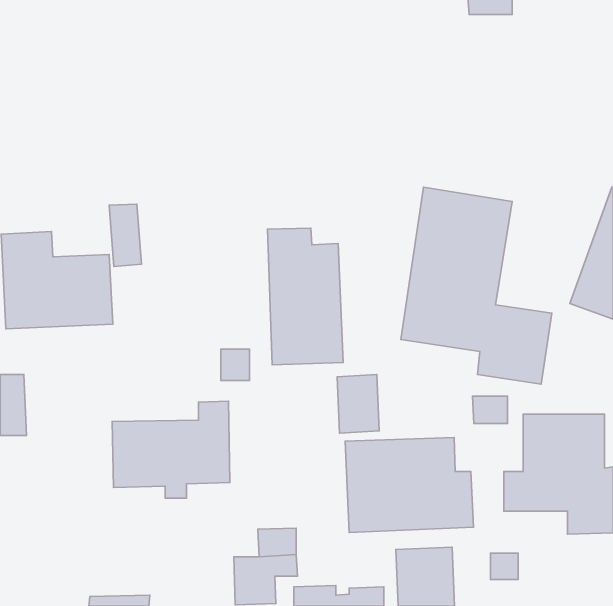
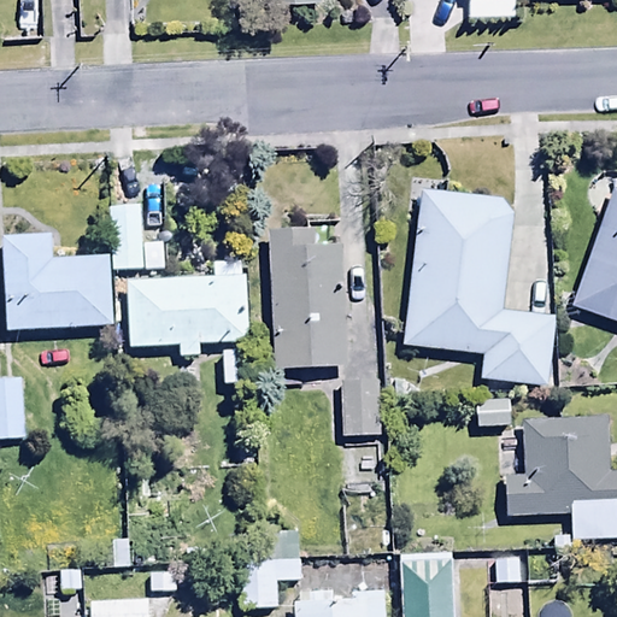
building: [112,401,230,498] -> [128,259,246,357]
building: [345,437,473,532] -> none

